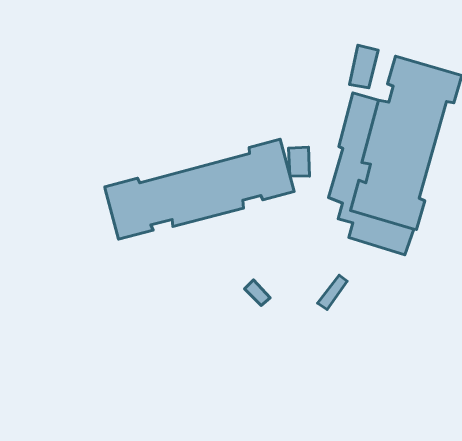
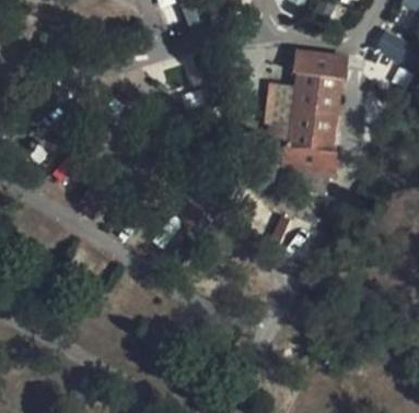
building: [105,139,294,239] -> none

